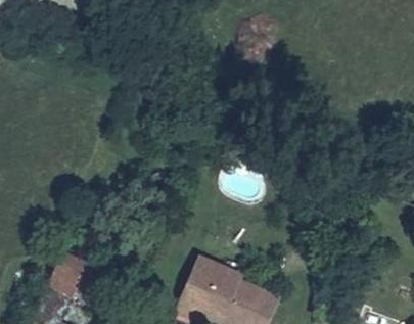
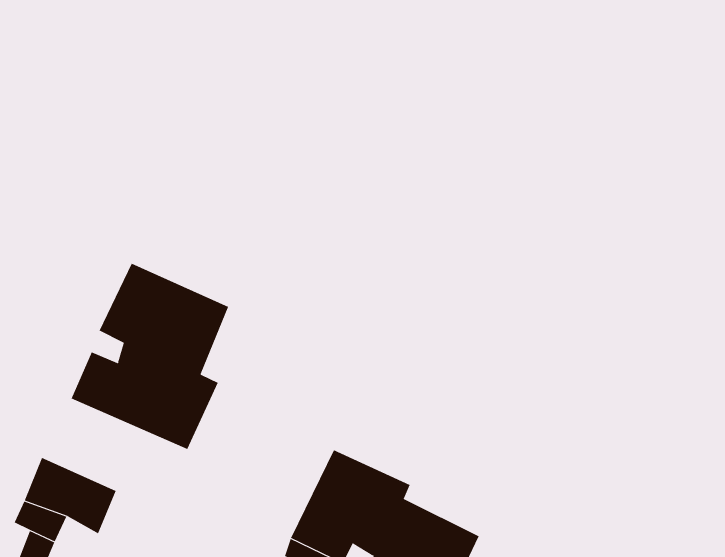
building: none -> [71,263,229,450]

